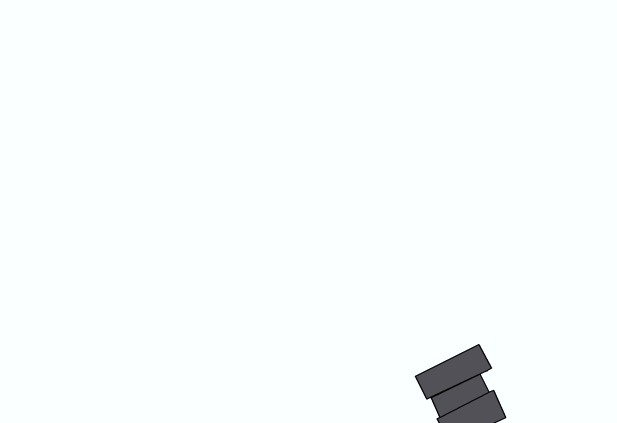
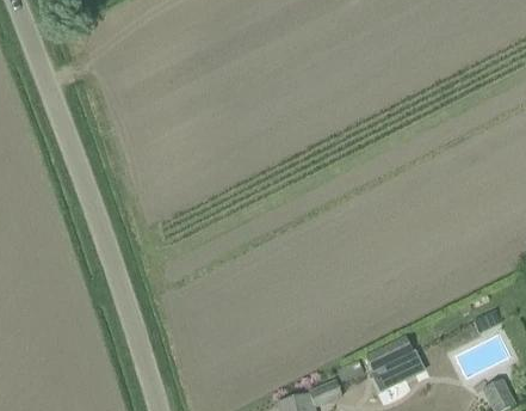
building: [415,345,492,399] -> none

